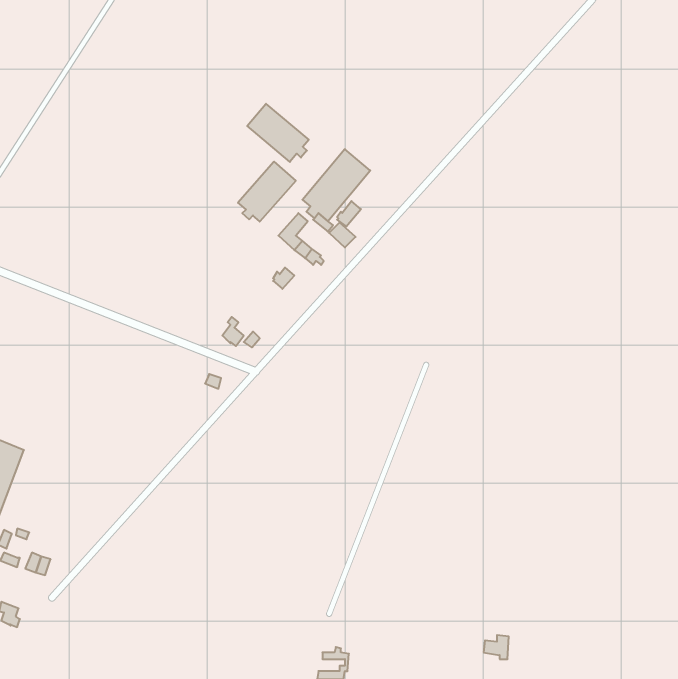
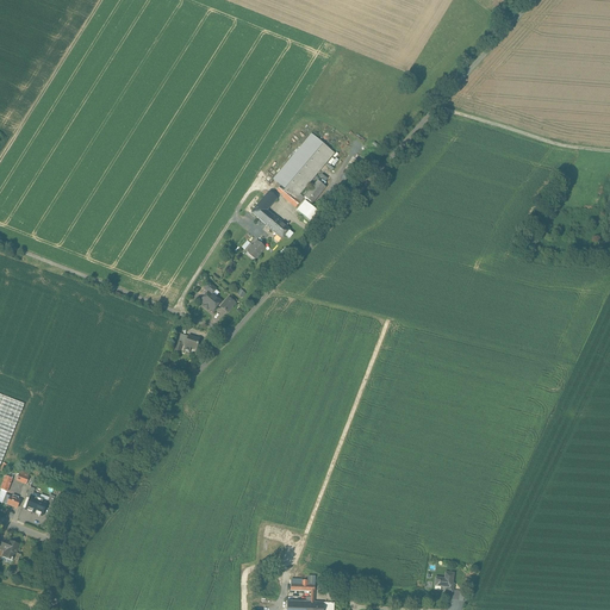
building: [247,104,309,162] -> none
building: [238,162,296,222] -> none

